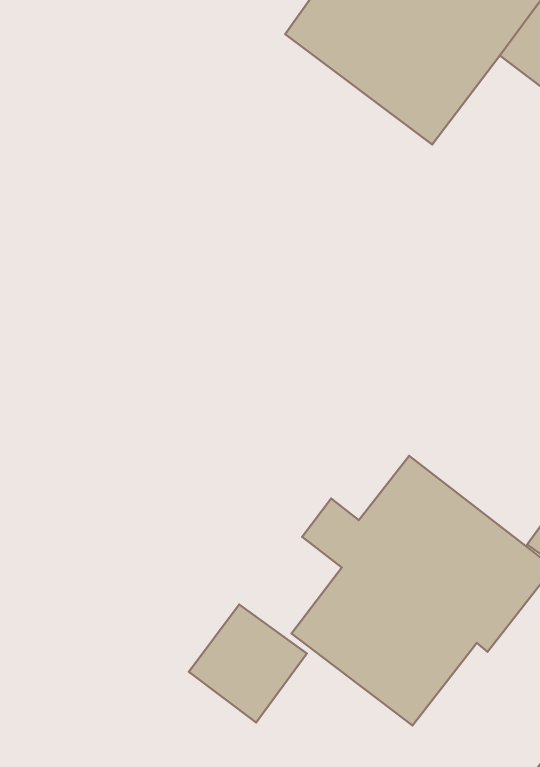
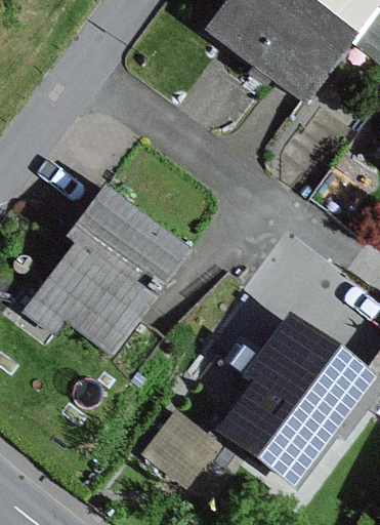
building: none -> [24,185,193,357]

